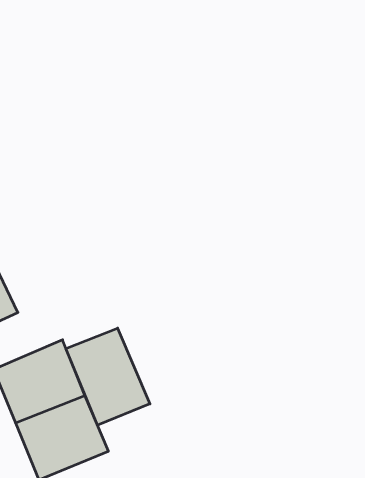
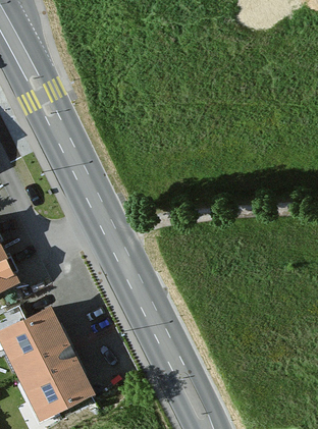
building: [66,328,150,425] -> none

